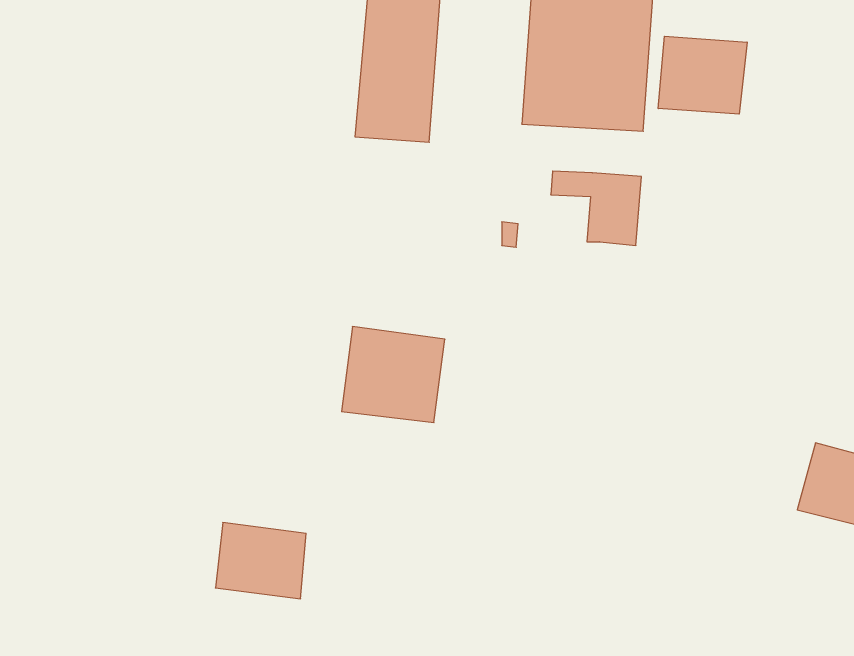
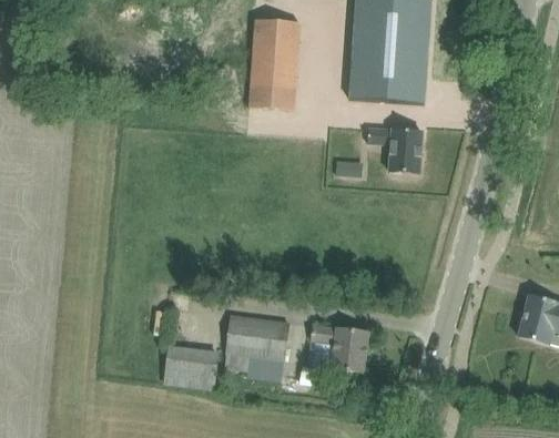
building: [658,36,747,114] -> none
building: [342,327,445,423] -> [225,314,288,373]
building: none -> [311,325,368,371]

